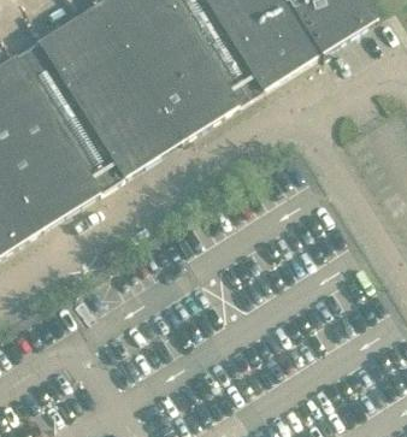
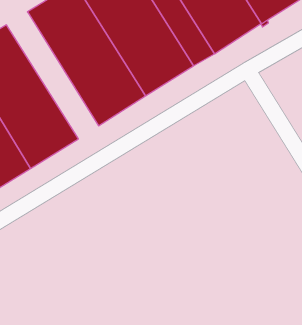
building: [14,37,125,190] -> none

